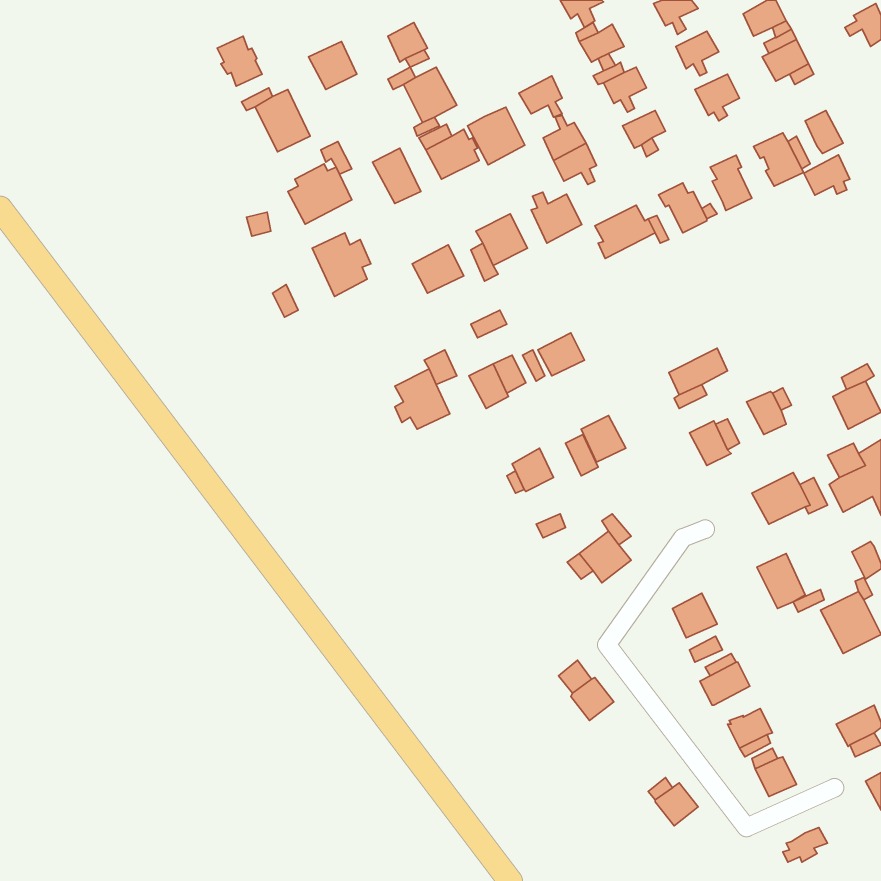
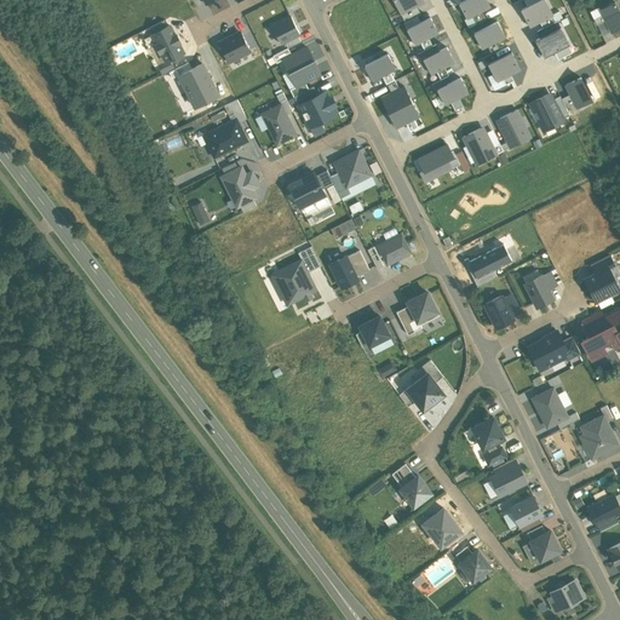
building: [468,107,525,165] -> none
building: [804,155,850,195] -> none
building: [531,192,582,243] -> none
building: none -> [424,509,460,546]

